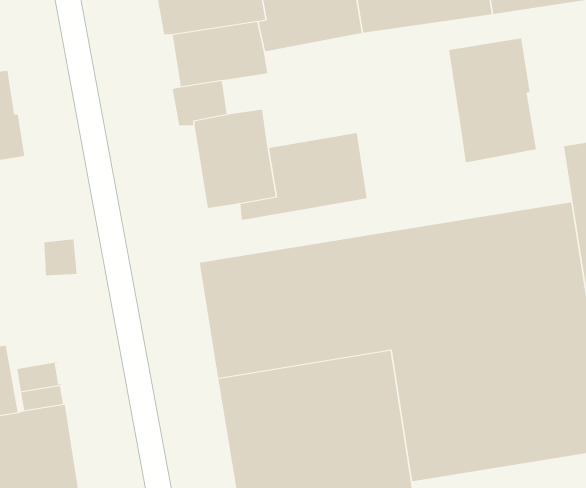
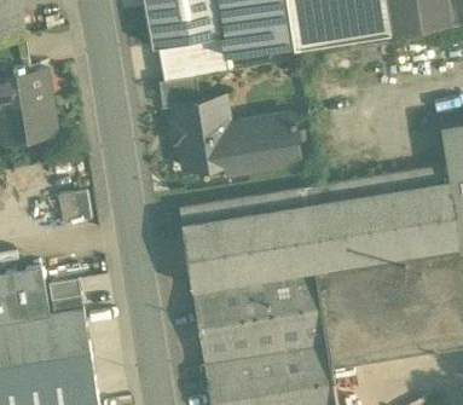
building: [448,38,536,163] -> none

